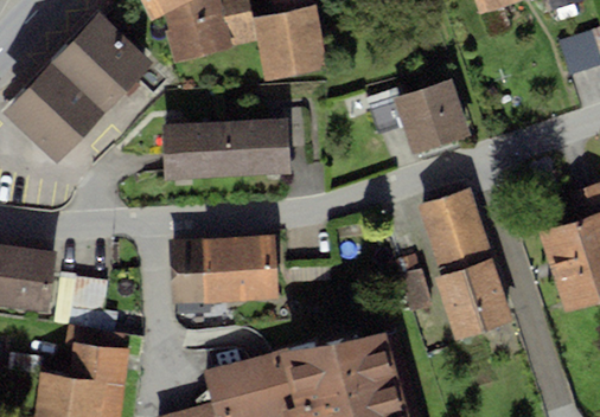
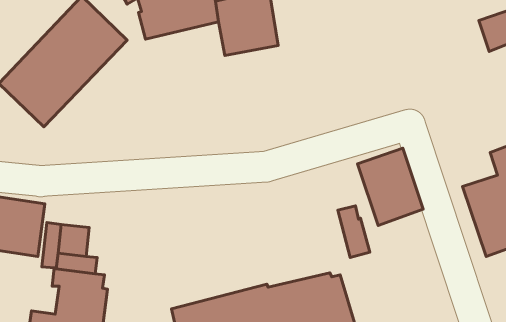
building: [364,79,470,156] -> none
building: [161,118,289,181] -> none
building: [168,235,279,303] -> none
building: [435,257,516,341] -> none

